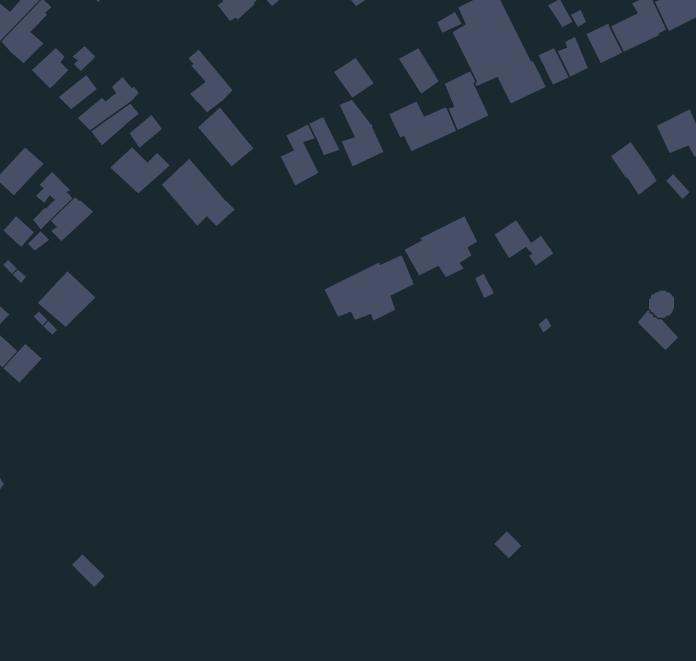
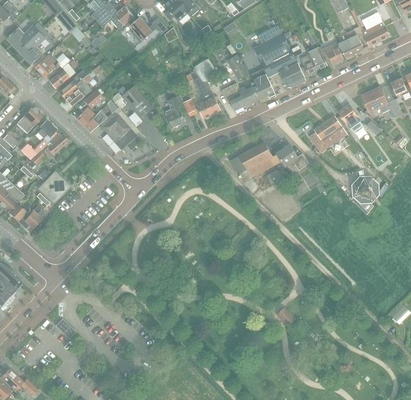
building: [188,48,234,113] -> none
building: none -> [308,115,346,151]
building: [324,254,415,322] -> none

